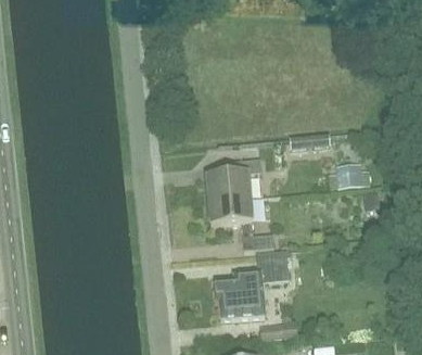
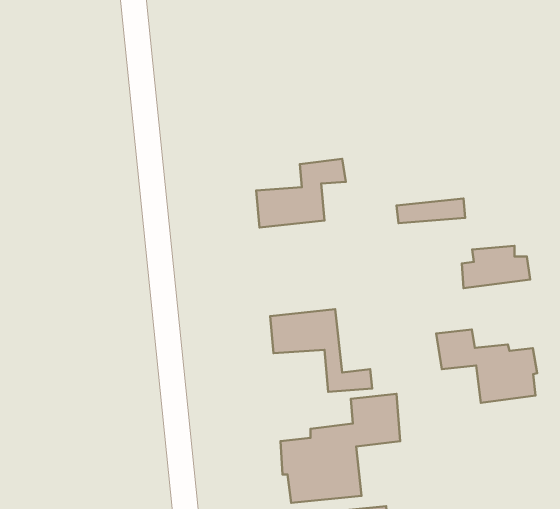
building: [206,162,261,204] -> [256,159,346,228]
building: none -> [436,329,537,403]

